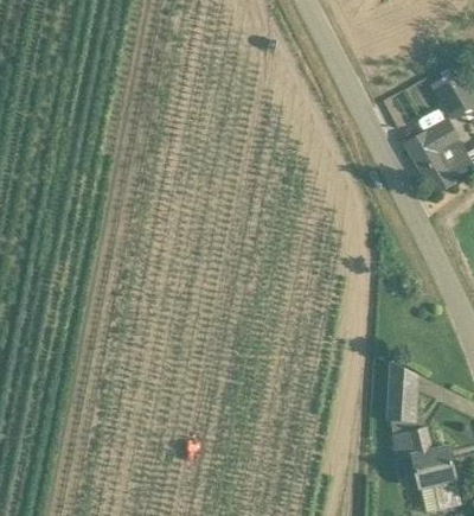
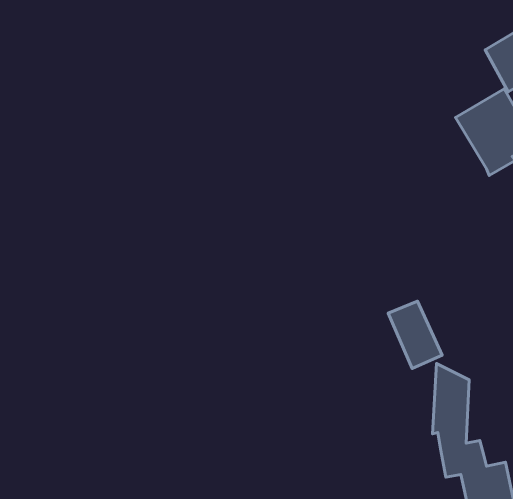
building: none -> [388,301,442,368]

